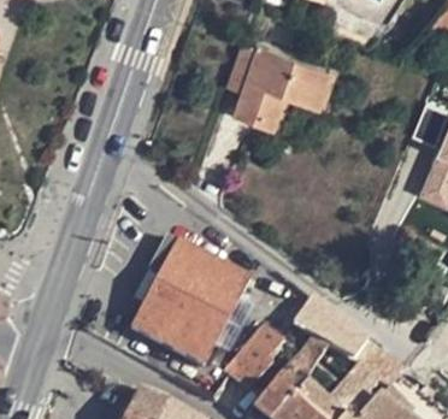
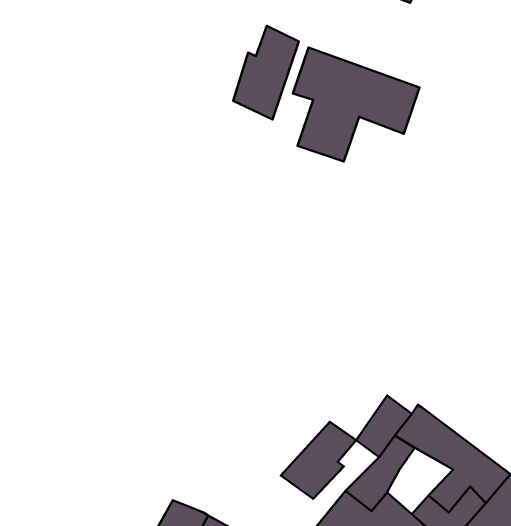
building: none -> [233,26,299,120]
building: [130,240,248,371] -> none

